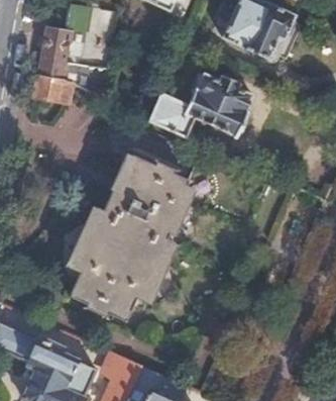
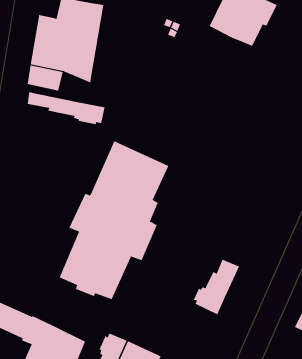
building: [148,72,253,134] -> none
building: none -> [27,91,105,125]
building: none -> [193,259,240,315]

